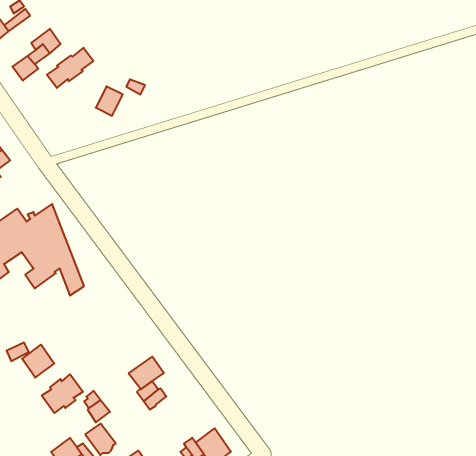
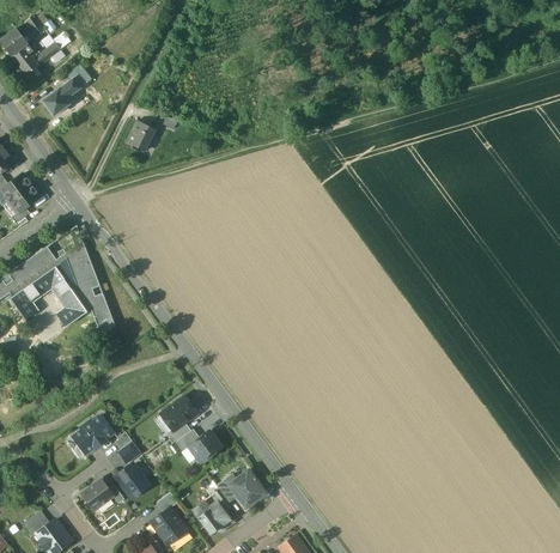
building: [47,48,93,88] -> none
building: [22,345,54,378] -> none
building: none -> [188,430,221,462]

